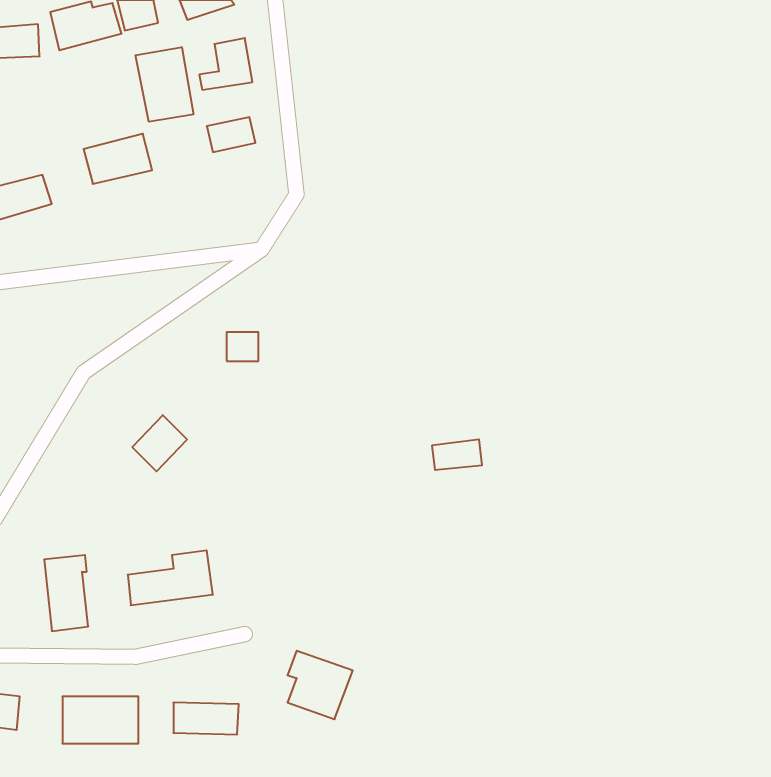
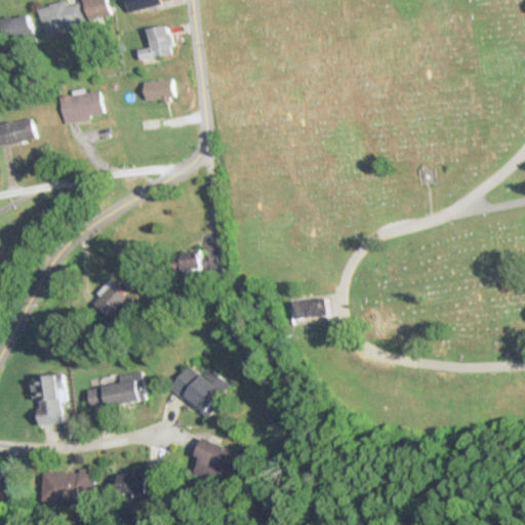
building: [136,47,193,122] -> none
building: [227,332,258,361] -> [176,250,198,270]
building: none -> [168,365,226,414]

